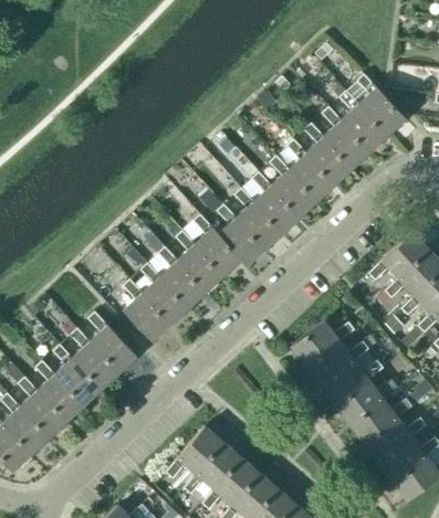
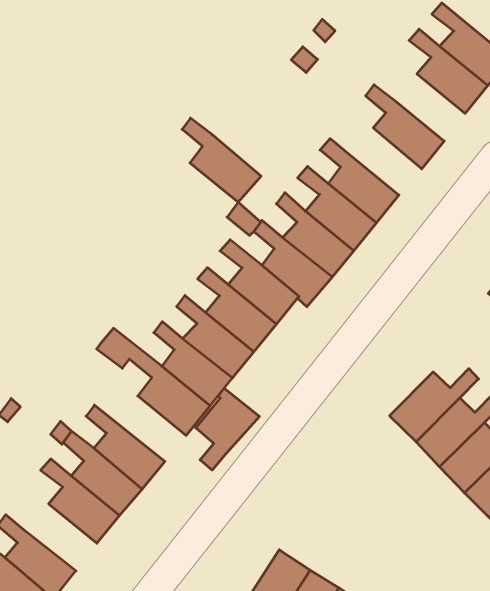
building: [323,107,370,168] -> none
building: [288,139,336,200] -> [182,118,261,202]
building: none -> [196,388,259,470]
building: [35,361,84,422] -> none

